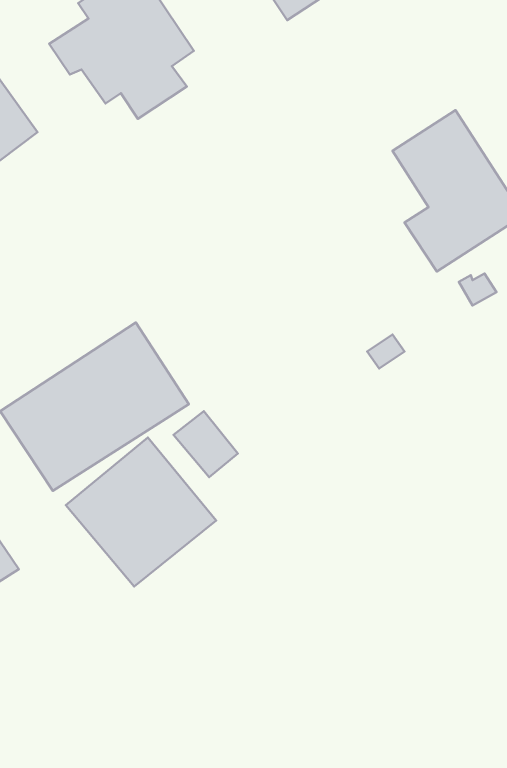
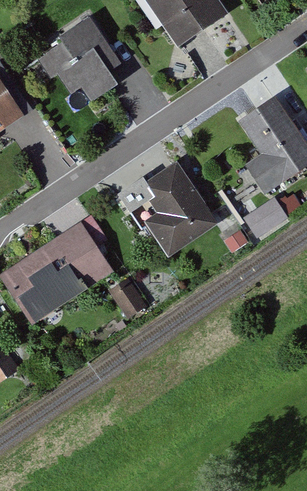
building: none -> [115,164,214,257]
building: none -> [241,199,283,237]
building: [66,438,216,587] -> none

